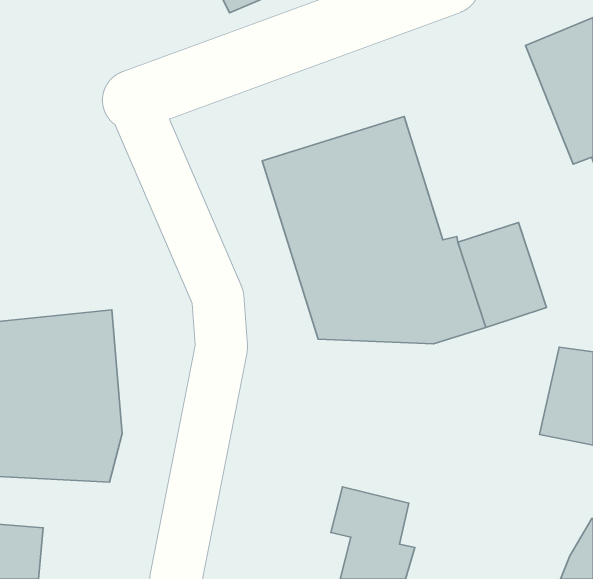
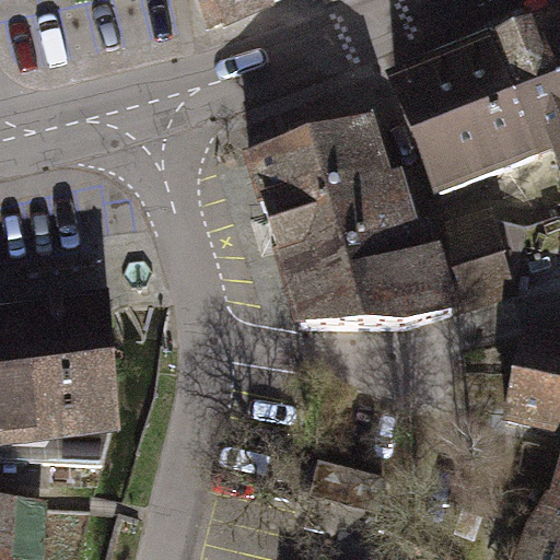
building: none -> [394,43,538,195]

